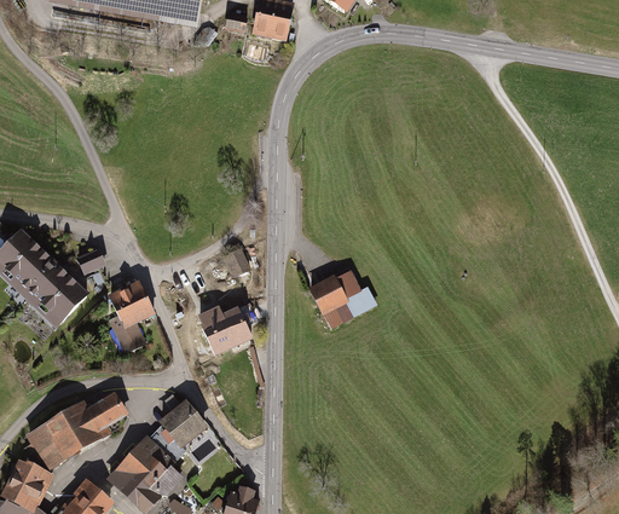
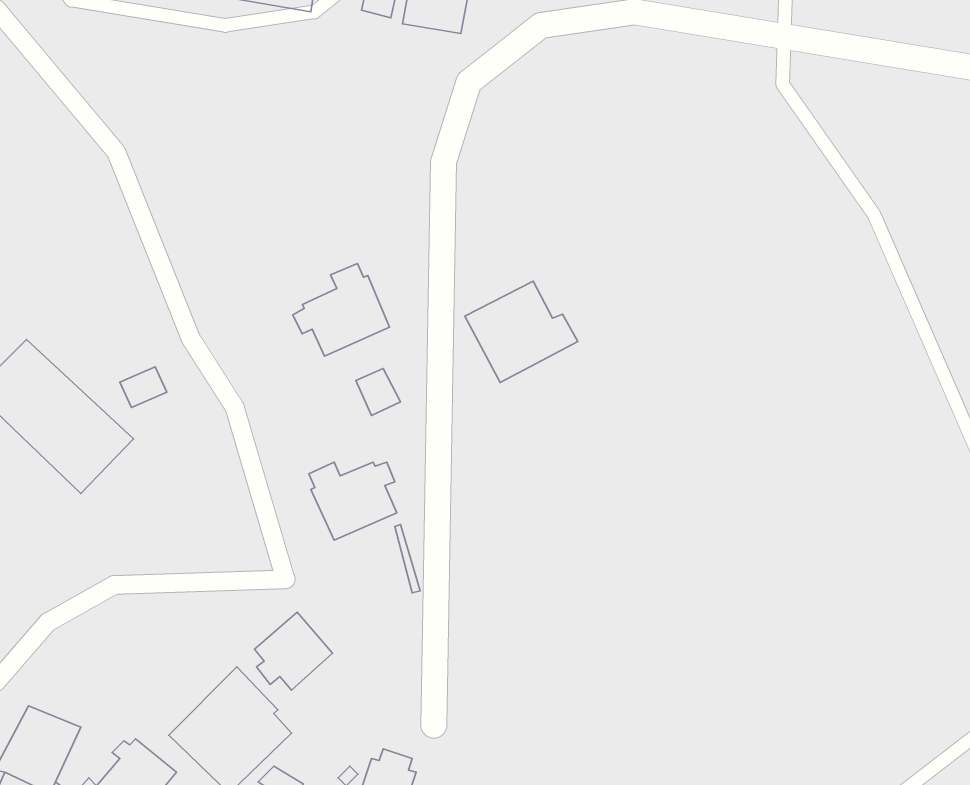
building: none -> [293,263,390,356]
building: [305,266,375,329] -> [465,281,578,382]
building: [111,282,155,351] -> none
building: [27,388,128,468] -> none

